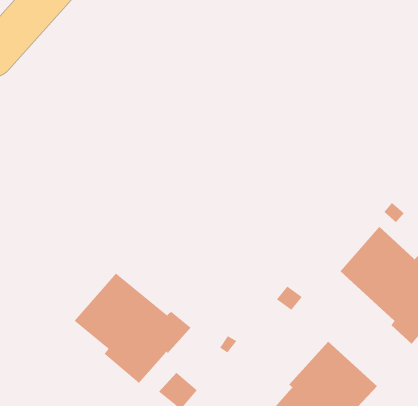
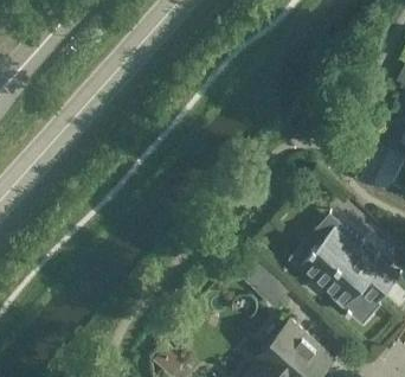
building: [74,272,192,384] -> none

